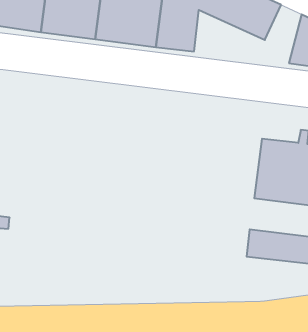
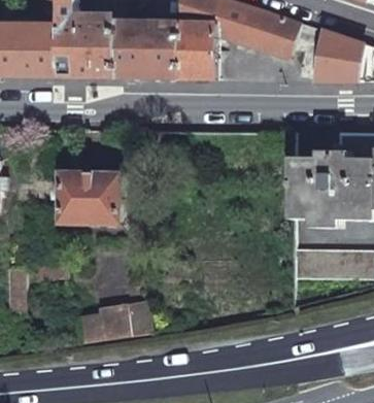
building: none -> [55,172,123,225]
building: none -> [76,304,151,345]

